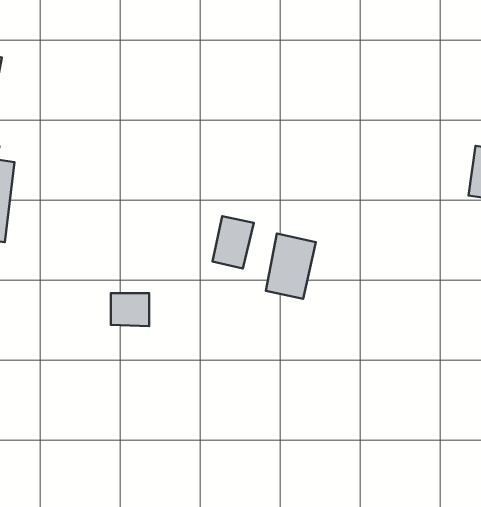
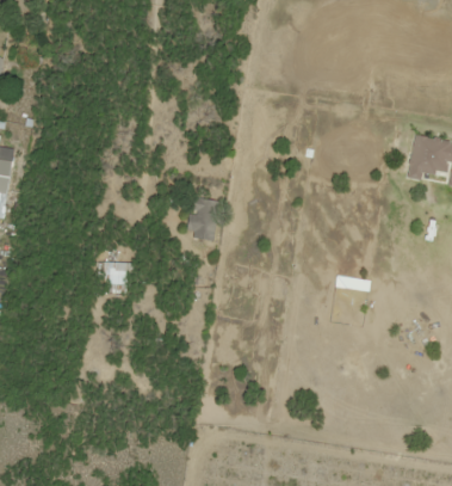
building: [266,234,316,299] -> none

